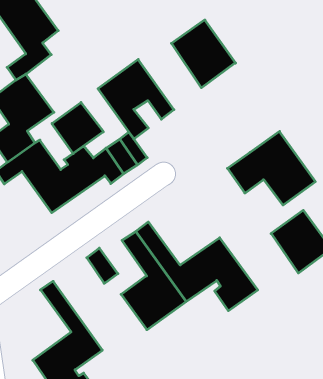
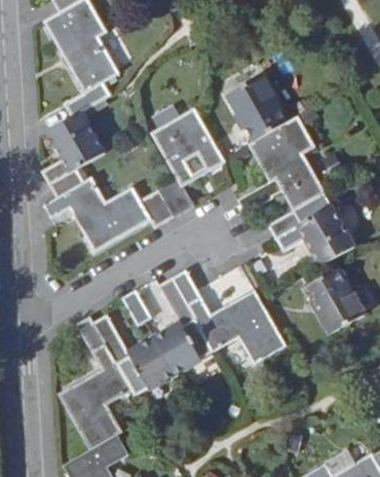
building: none -> [239,116,325,213]
building: [52,102,103,154] -> none
building: none -> [93,315,176,397]

